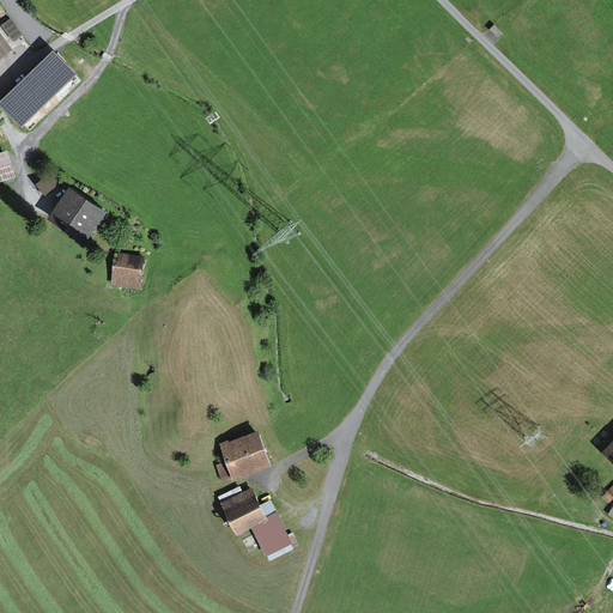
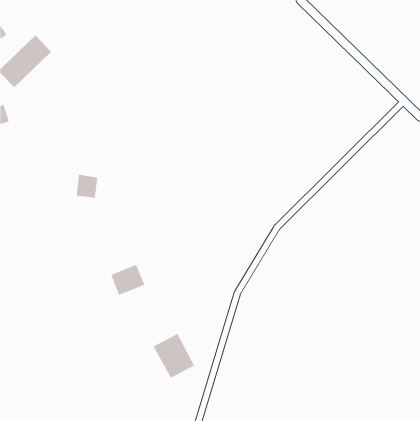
building: [50,188,105,239] -> none
building: [214,429,266,475] -> [110,264,146,296]

